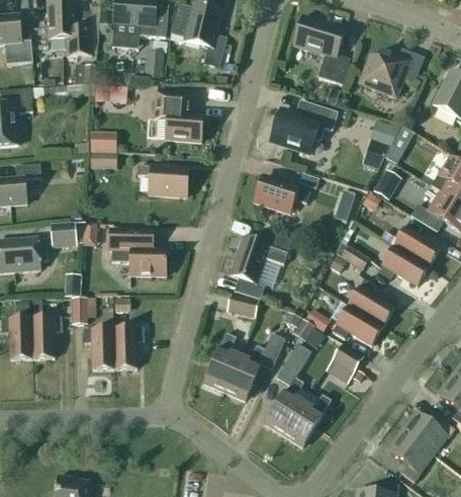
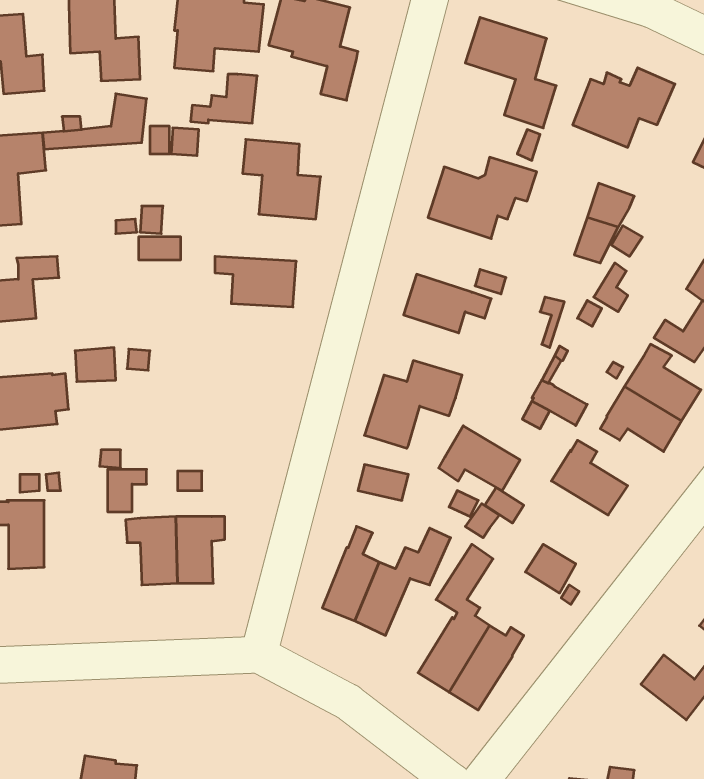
building: [109,228,167,274] -> none
building: [333,304,383,344] -> [439,426,520,491]
building: [32,316,63,357] -> none
building: [389,430,432,482] -> none

